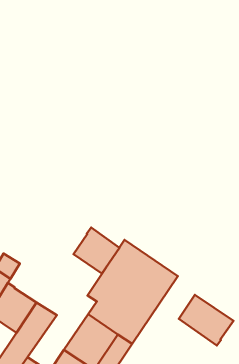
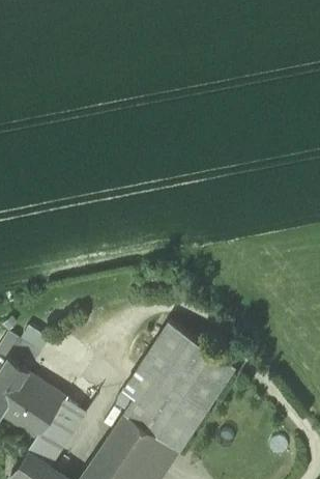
building: [73,227,119,274] -> none
building: [179,295,233,346] -> none

